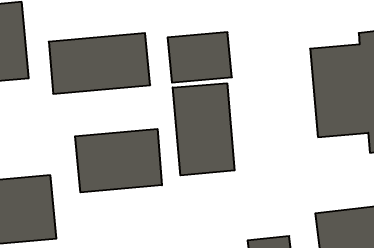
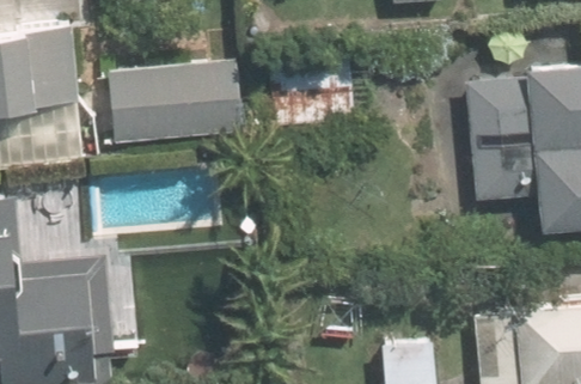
building: [173,83,235,175] -> none
building: [75,129,162,192] -> none

